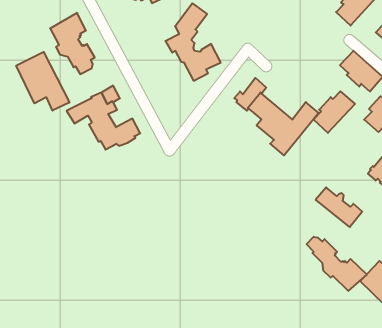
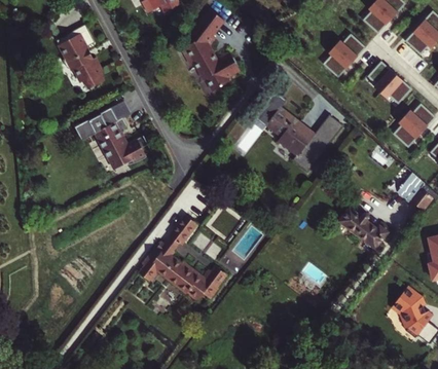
building: [16,52,69,111] -> none
building: [313,91,355,133] -> [321,35,365,79]
building: none -> [140,214,228,300]
building: [307,237,367,291] -> none

